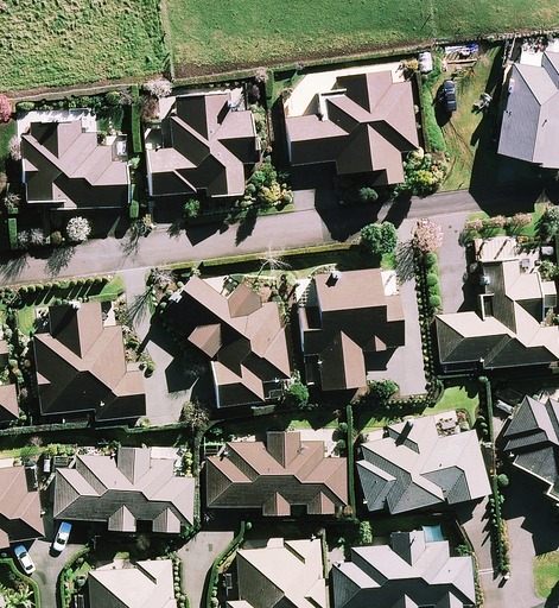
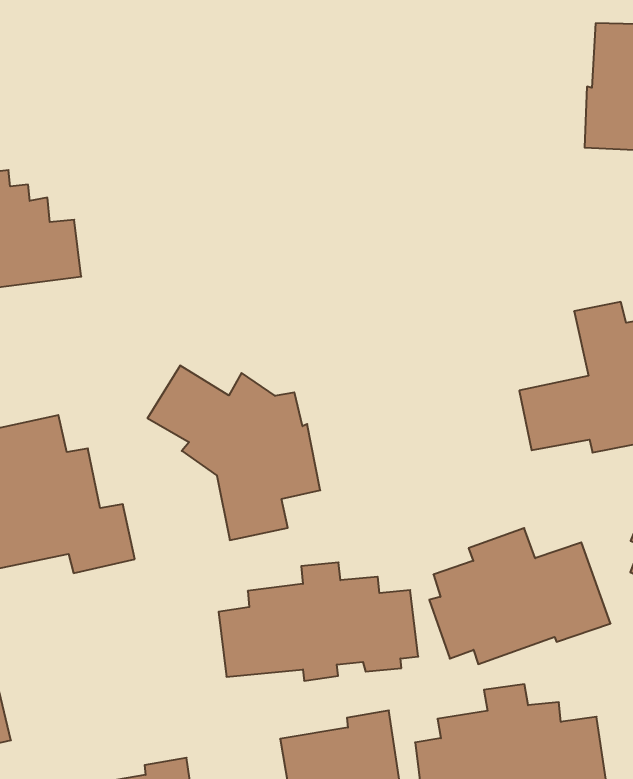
building: [287,70,414,184] -> none
building: [152,97,254,196] -> none
building: [299,272,402,390] -> none
building: [55,446,197,531] -> none

